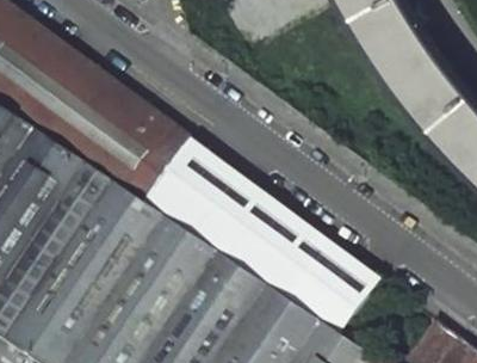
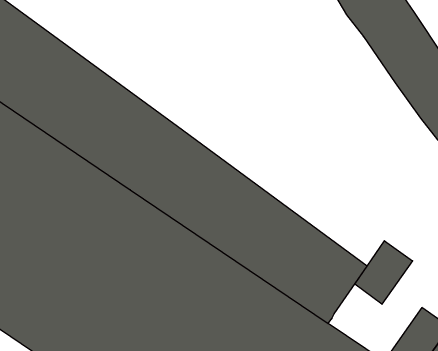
building: none -> [355,241,413,304]

